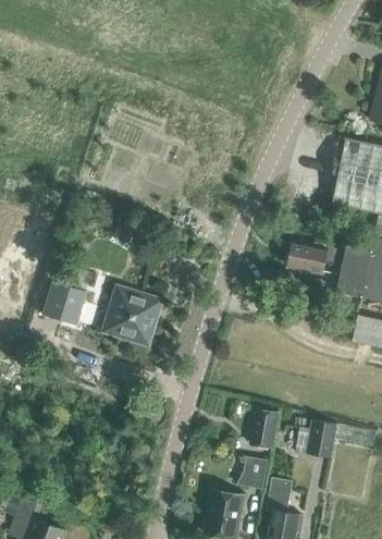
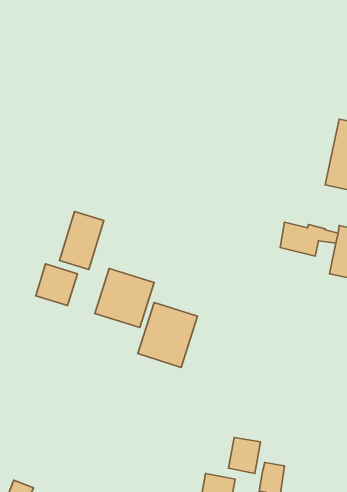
building: none -> [59,212,104,269]
building: none -> [138,303,197,367]
building: [250,409,279,448] -> none
building: [306,419,337,458] -> none

